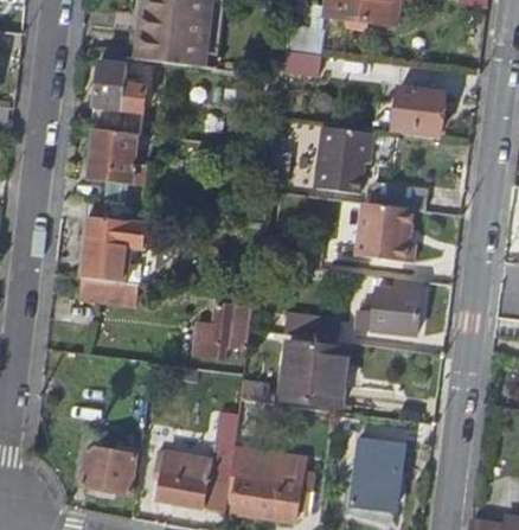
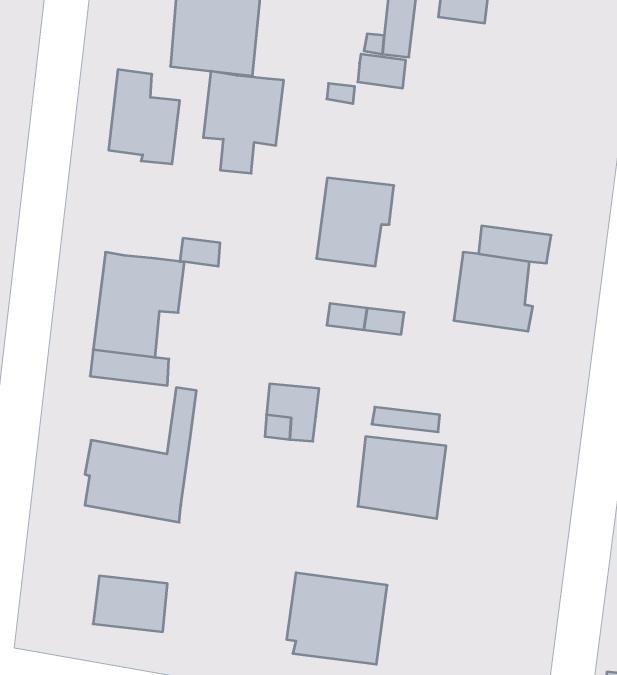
building: [392,89,446,135] -> none
building: [314,126,373,193] -> [316,178,394,266]
building: [89,128,150,206] -> [203,71,284,173]
building: [357,277,423,334] -> none
building: [153,408,238,511] -> [85,388,196,522]
building: [348,436,403,511] -> none

